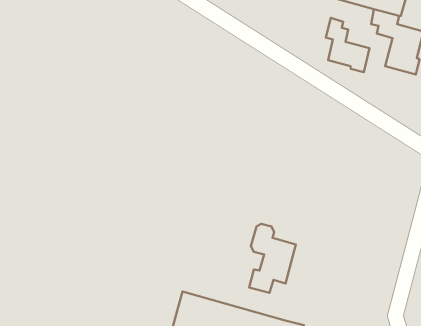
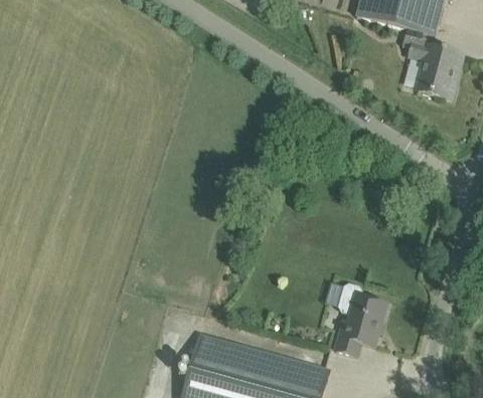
building: [326,18,370,72] -> none
building: [249,224,296,293] -> [335,281,385,356]

